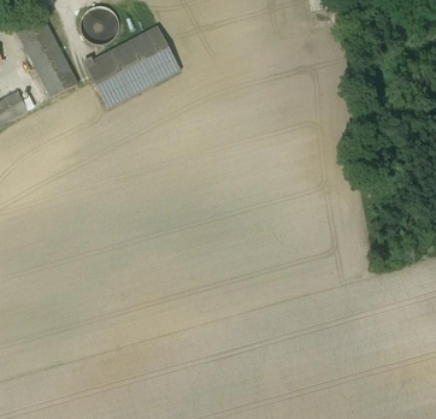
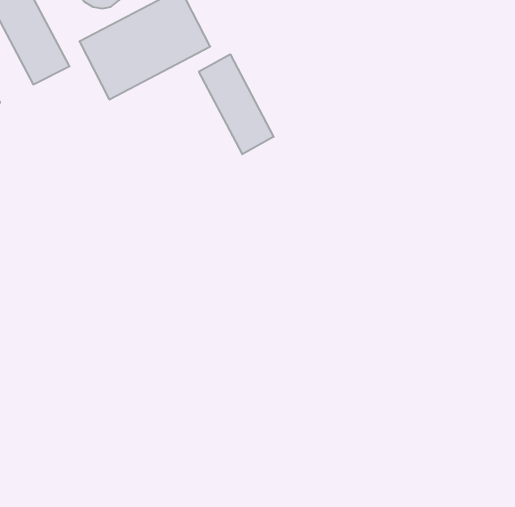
building: none -> [199,54,274,154]

